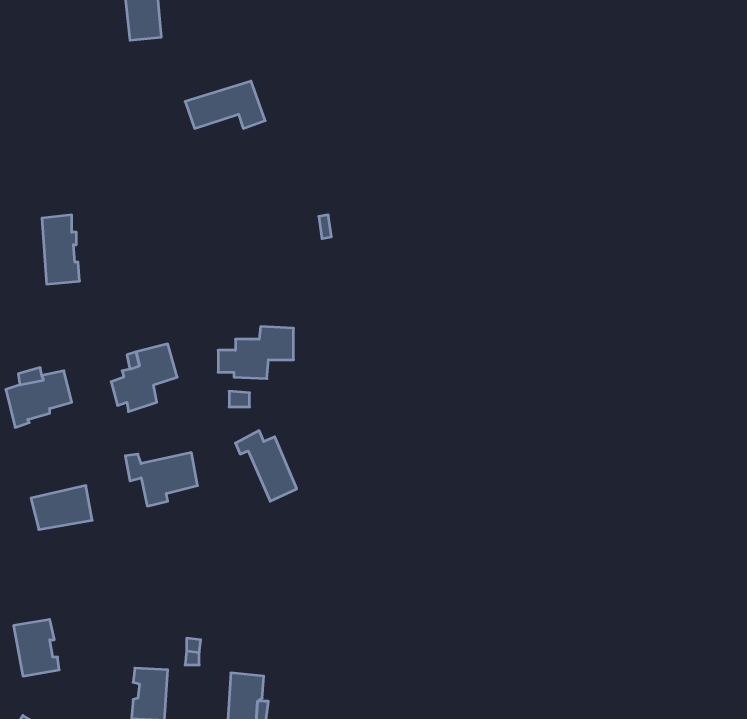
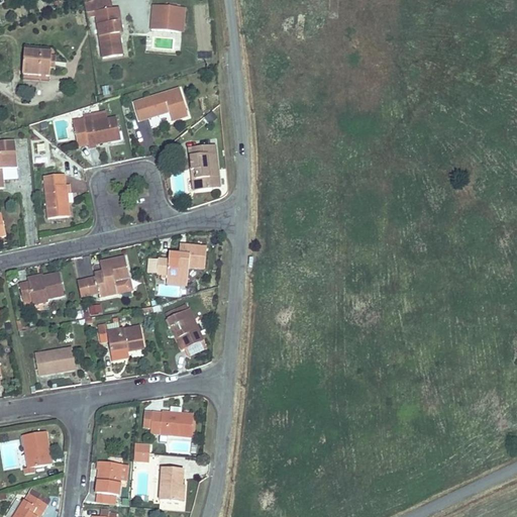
building: none -> [22,48,59,76]
building: none -> [70,116,117,145]
building: none -> [187,142,217,187]
building: none -> [150,410,193,436]

